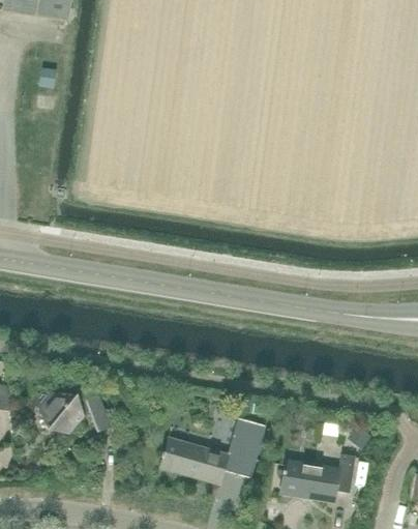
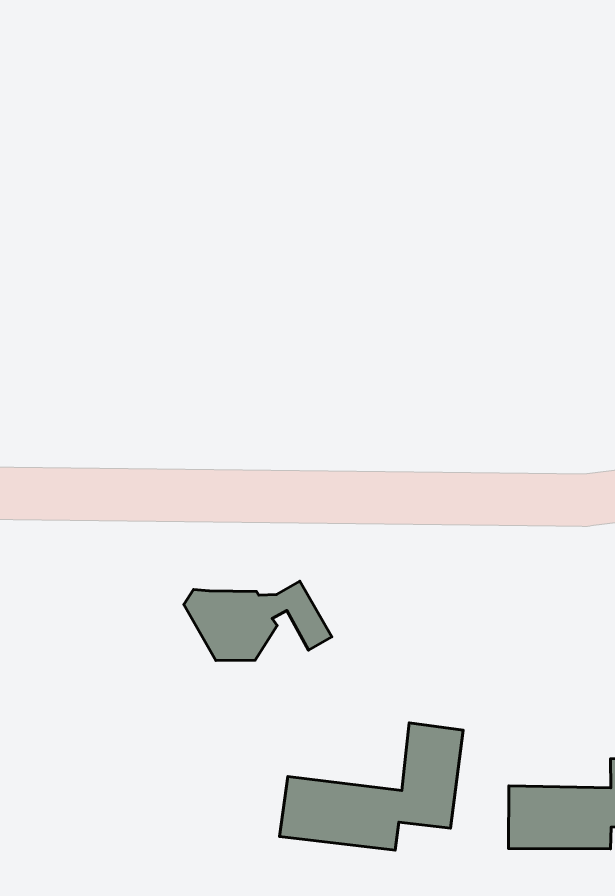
building: [35,390,111,433] -> [184,581,332,660]

